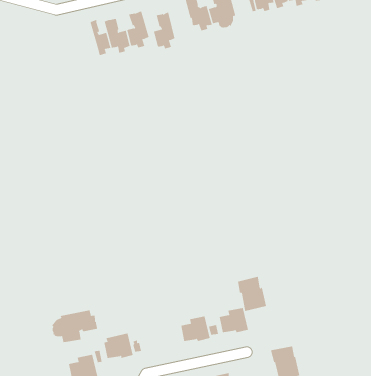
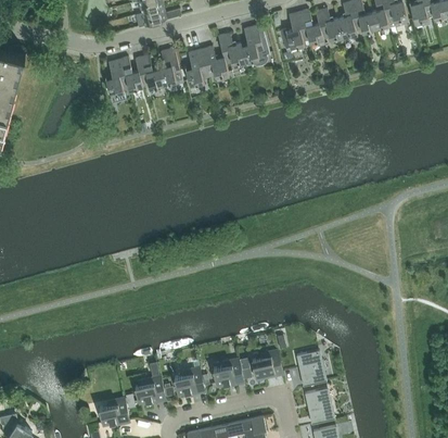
building: none -> [201,46,229,82]
building: none -> [104,59,128,98]
building: [237,276,267,311] -> [296,351,327,387]
building: [51,309,98,344] -> none
building: none -> [174,367,204,393]

